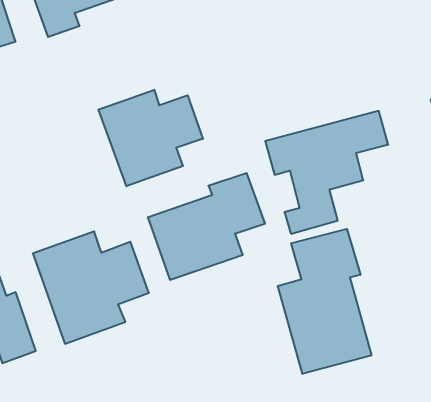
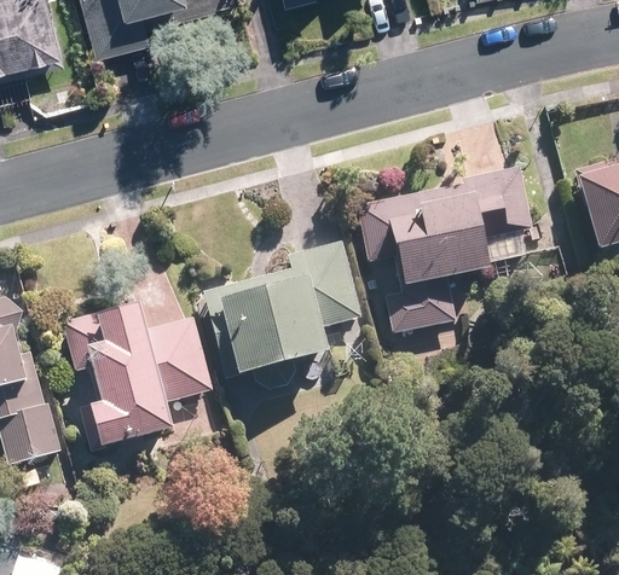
building: [99,90,203,186] -> none
building: [278,229,371,374] -> none

